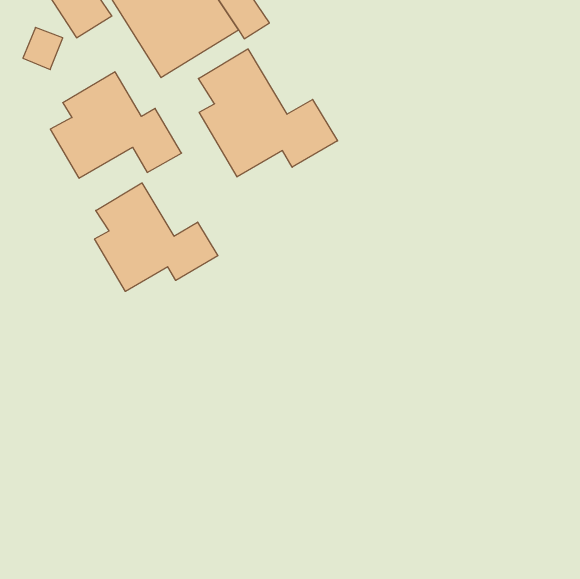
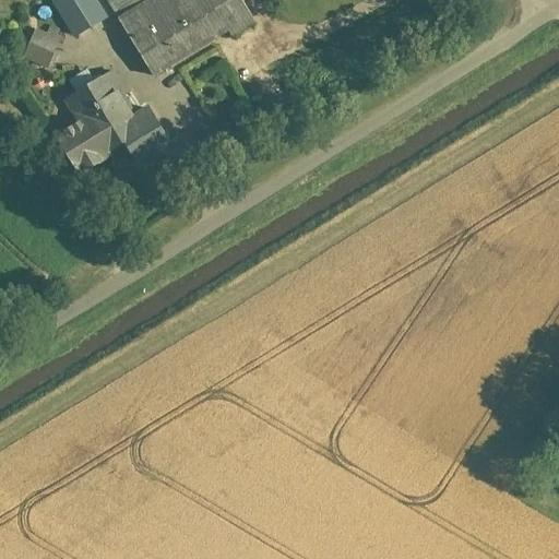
building: [198,49,338,177] -> none
building: [95,183,218,291] -> none

